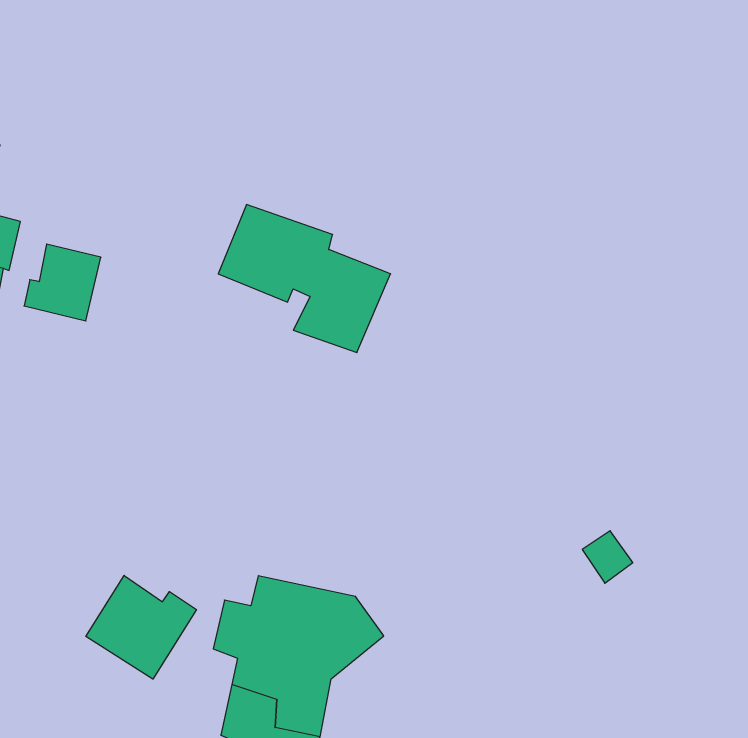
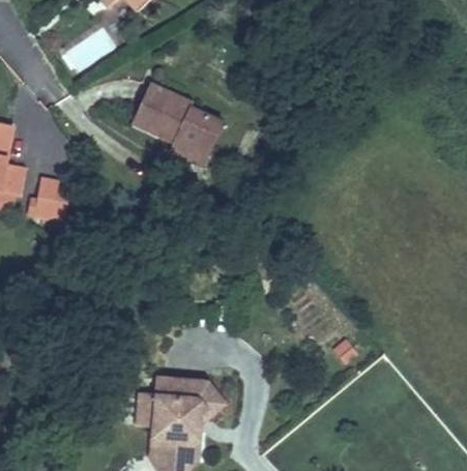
building: [218,205,391,353] -> [132,82,227,164]
building: [86,575,196,679] -> none

